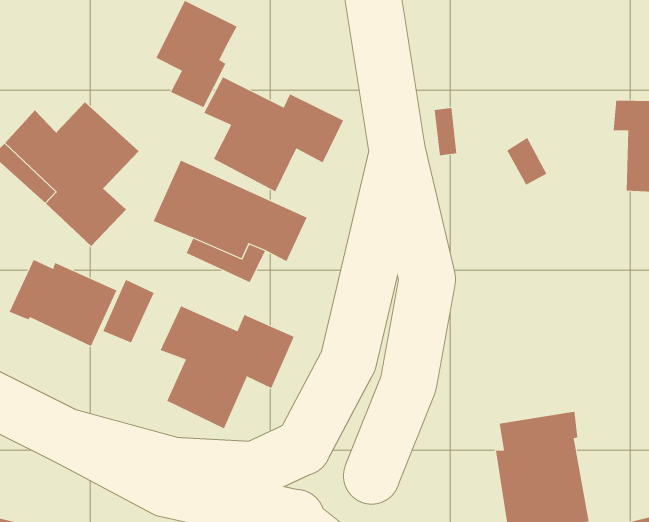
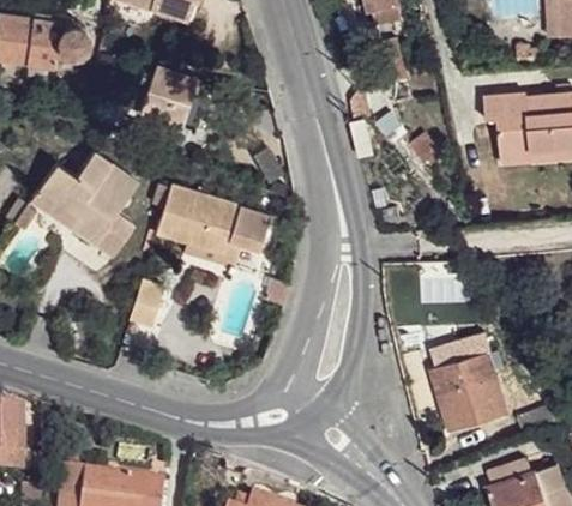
building: [204,76,344,192] -> none
building: [9,259,117,347] -> none
building: [160,305,294,429] -> none

